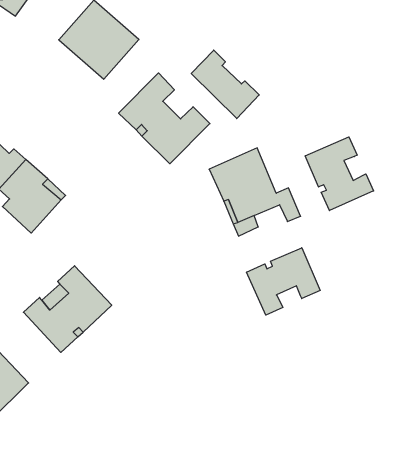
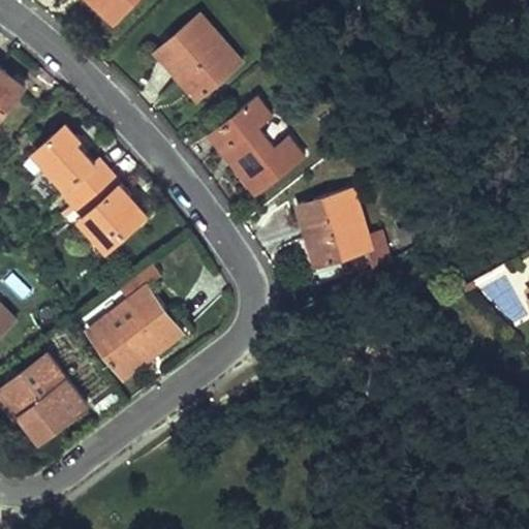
building: [191,50,259,119] -> none
building: [305,137,374,211] -> none
building: [247,248,320,315] -> none

